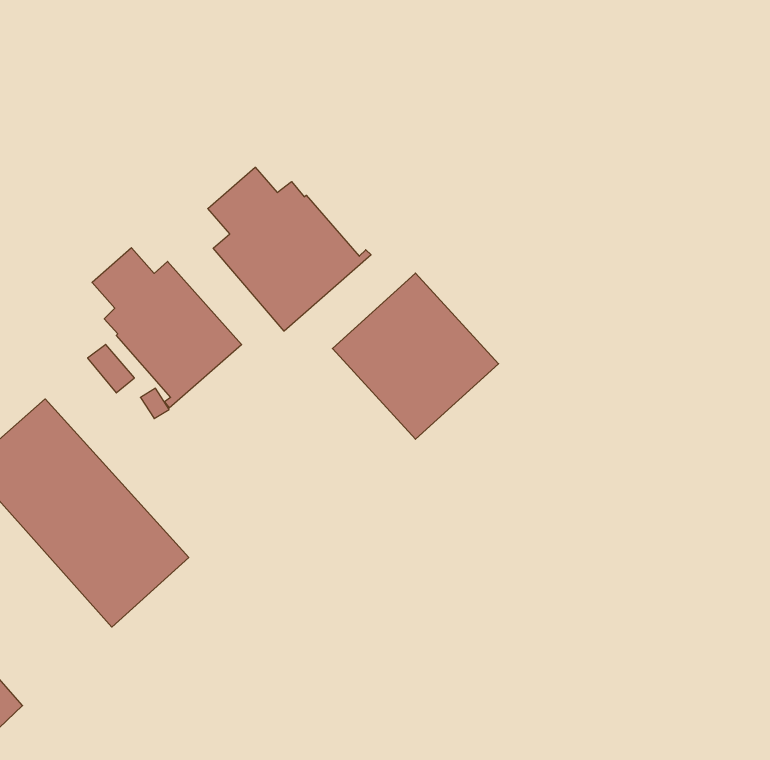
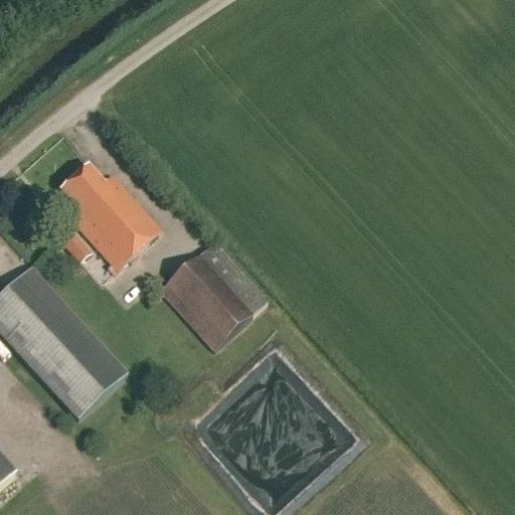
building: [208,167,371,331] -> none
building: [332,273,499,439] -> [157,238,268,349]

